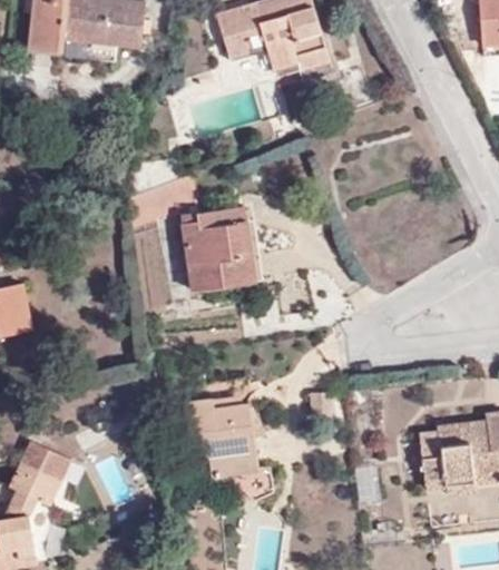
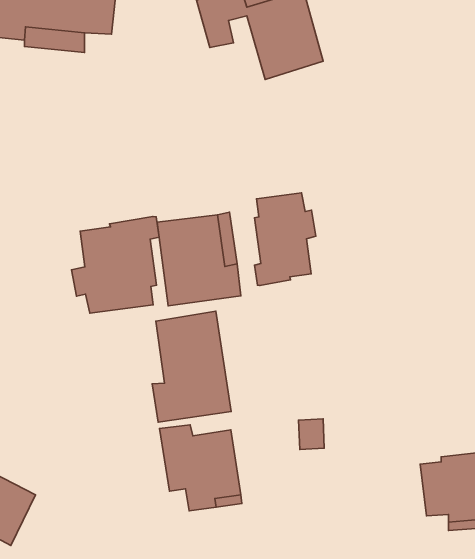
building: none -> [255,193,316,286]
building: none -> [72,216,159,313]
building: none -> [152,311,231,422]

